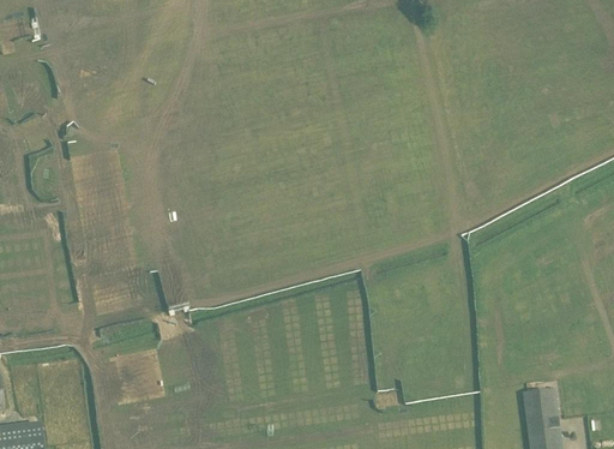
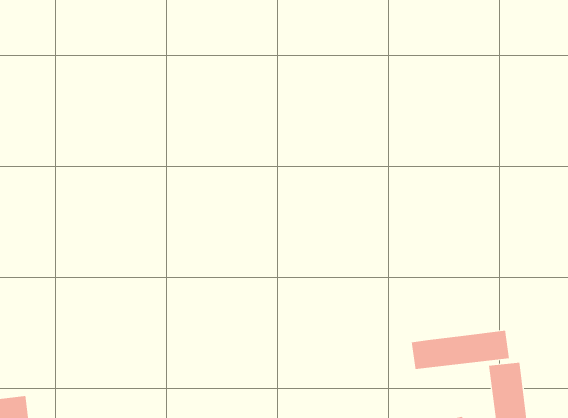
building: none -> [411,330,510,370]

